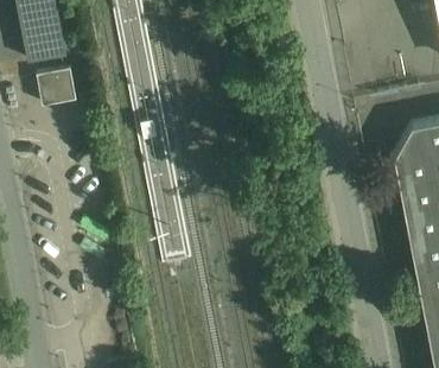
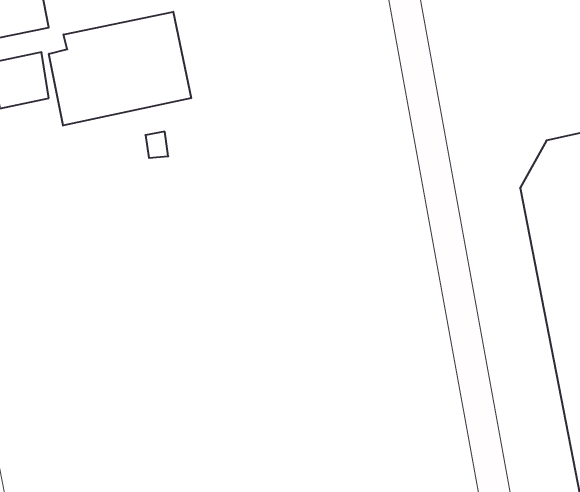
building: none -> [49,12,191,126]

